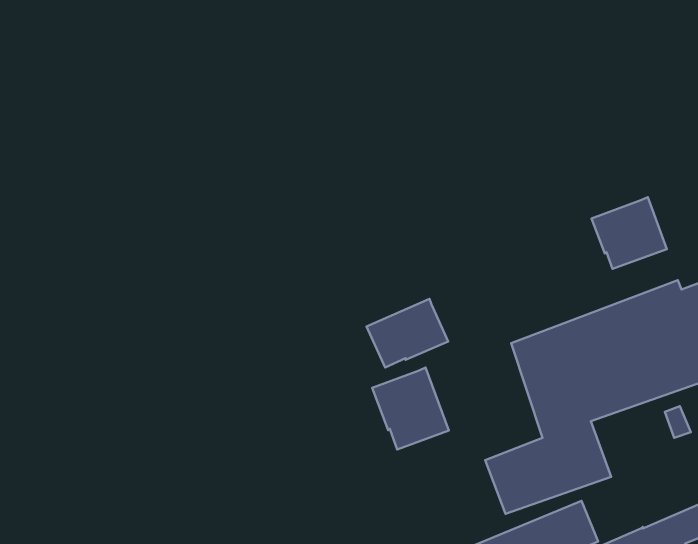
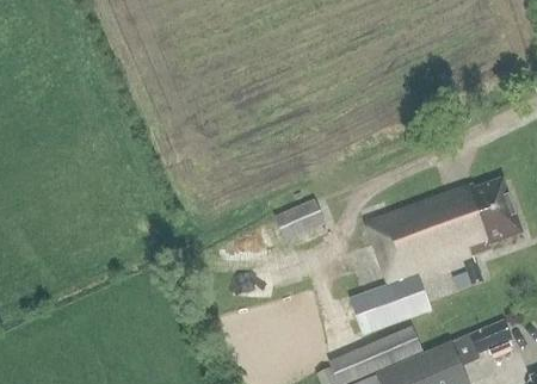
building: [592,197,667,269] -> none
building: [372,368,449,449] -> none

